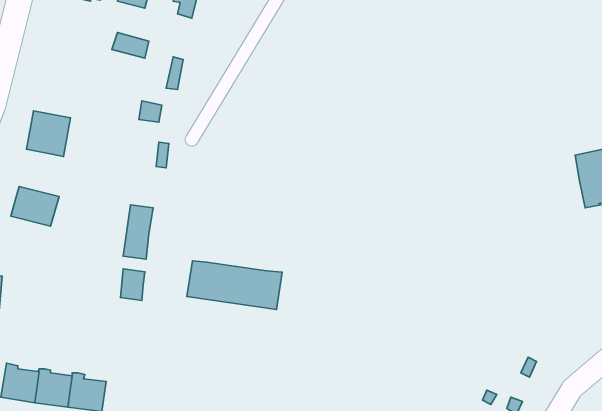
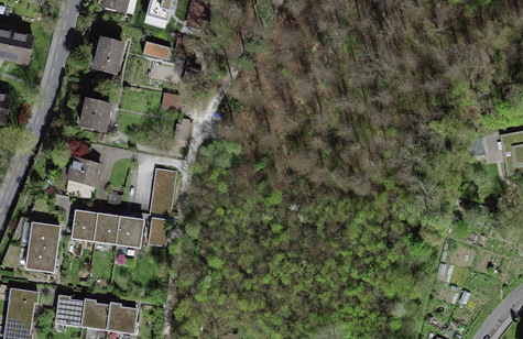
building: none -> [90,39,124,76]
building: [187,261,282,309] -> [69,212,143,250]

